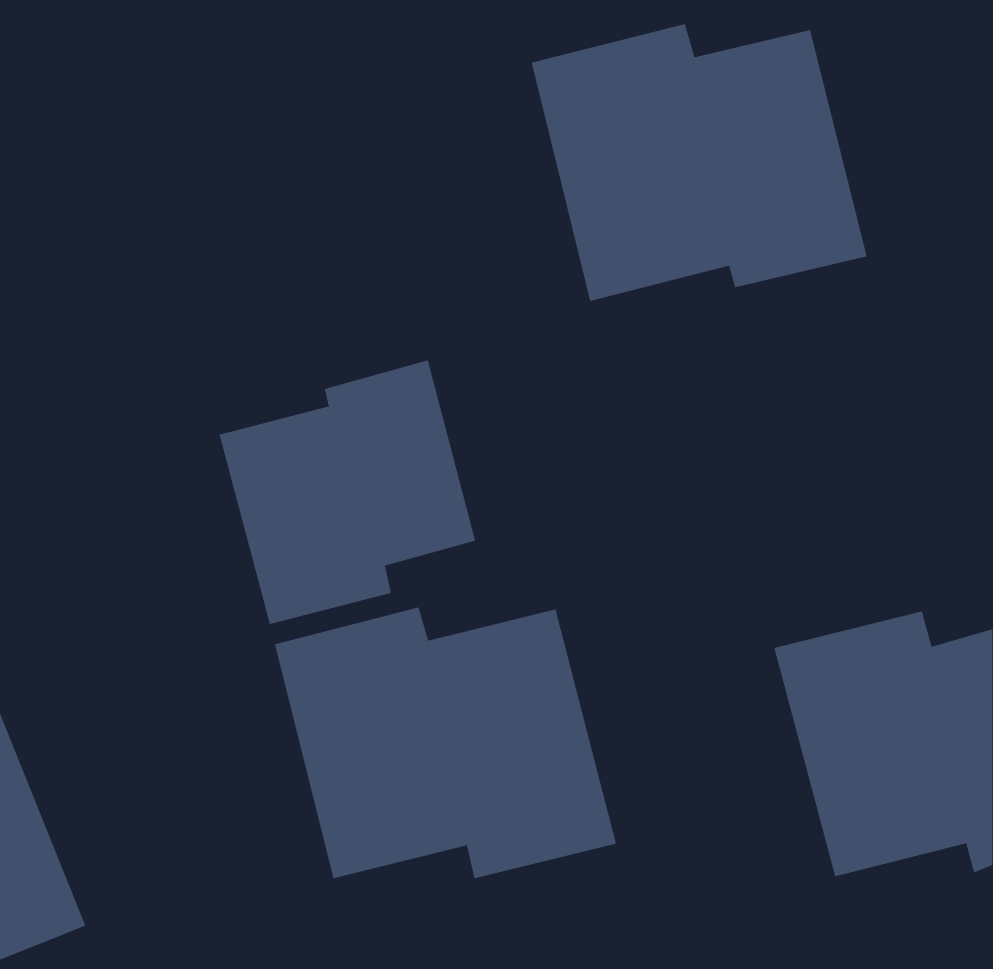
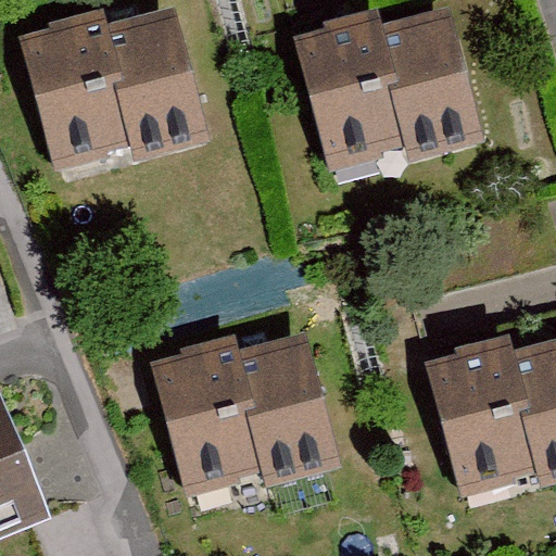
building: none -> [16,9,205,160]
building: [219,360,476,625] -> none

